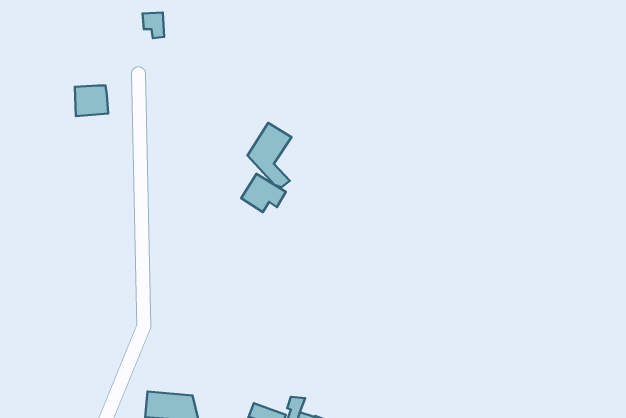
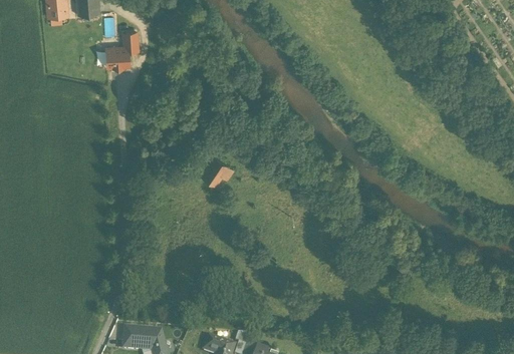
building: [75,85,108,116] -> [104,41,131,65]
building: [248,123,292,187] -> none

